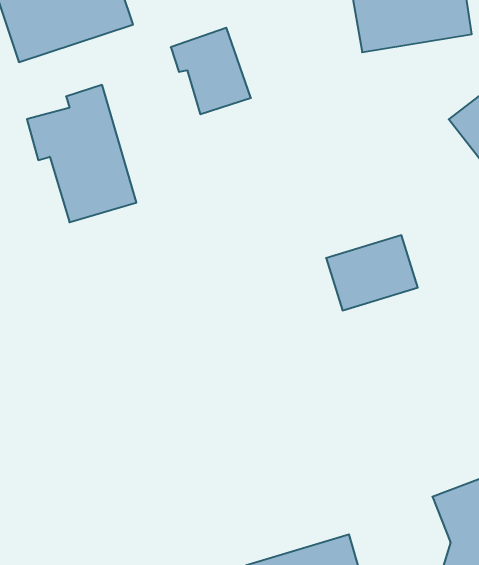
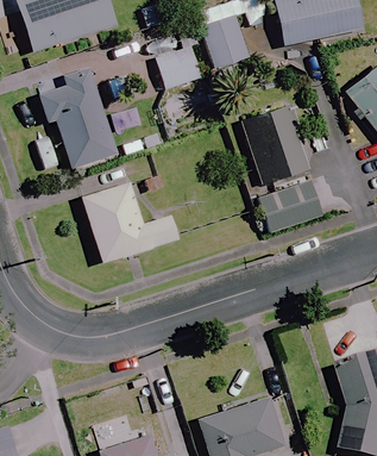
building: none -> [201,14,249,67]
building: none -> [243,107,310,183]
building: none -> [81,177,181,262]

